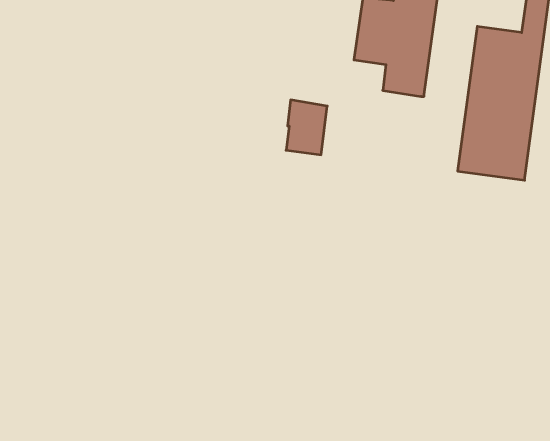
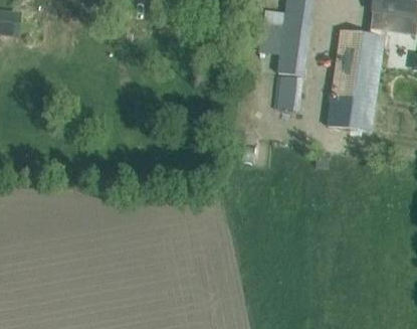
building: [286,100,327,155] -> [276,74,303,111]

